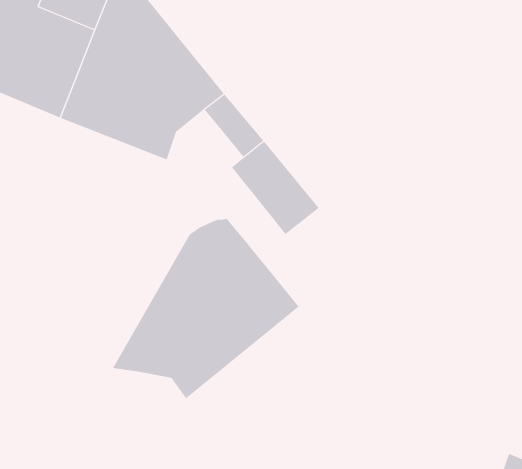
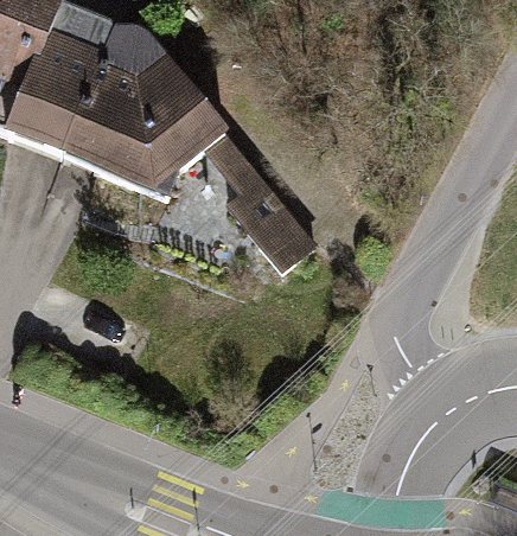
building: [112,218,300,399] -> none

